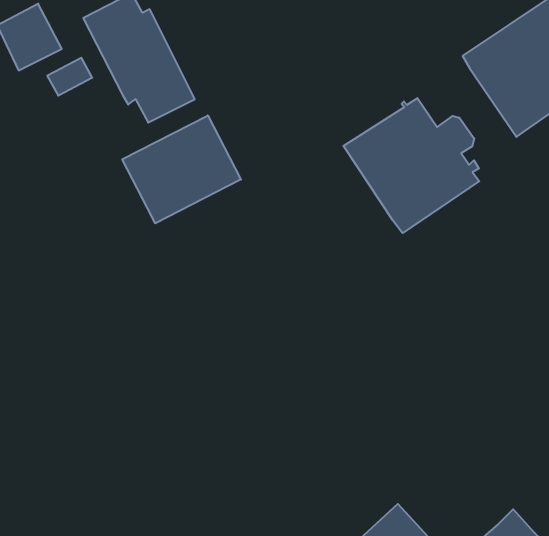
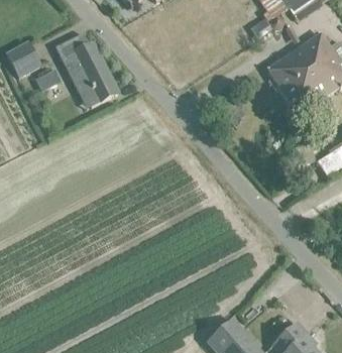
building: [343,98,479,233] -> none
building: [122,115,241,223] -> none

